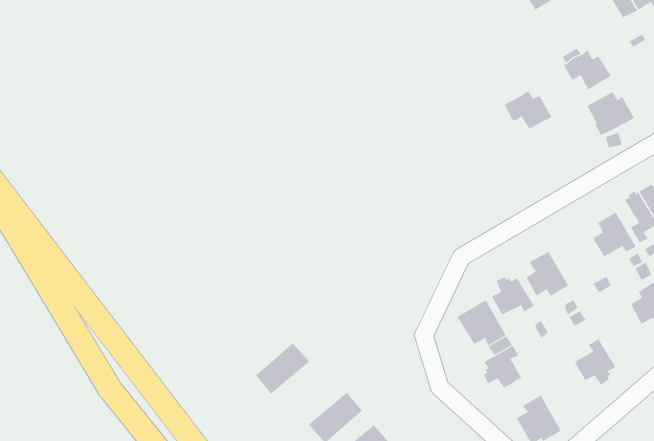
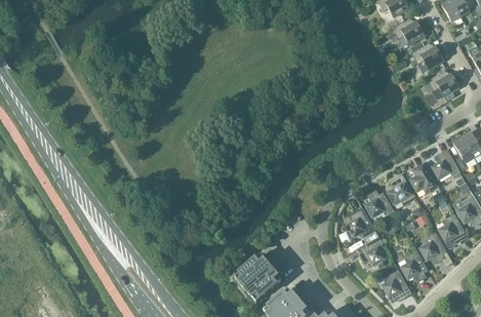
building: [504,90,552,130] -> [393,17,425,43]
building: none -> [409,161,438,192]
building: none -> [438,212,468,243]
building: [255,343,310,394] -> [235,254,271,288]
building: none -> [401,250,428,281]

